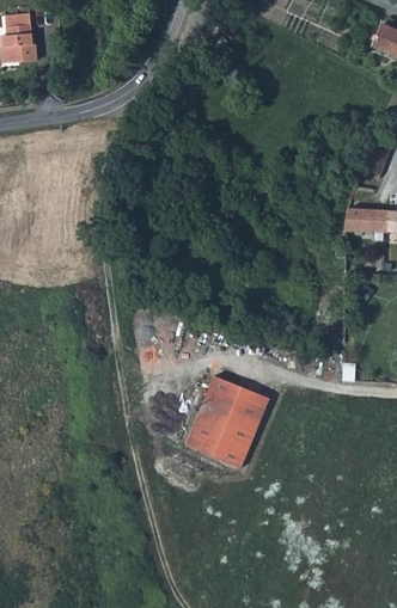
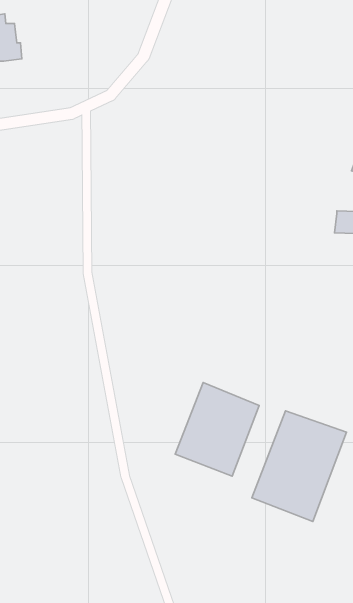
building: none -> [252,411,347,521]

